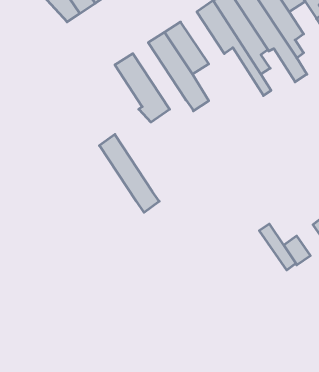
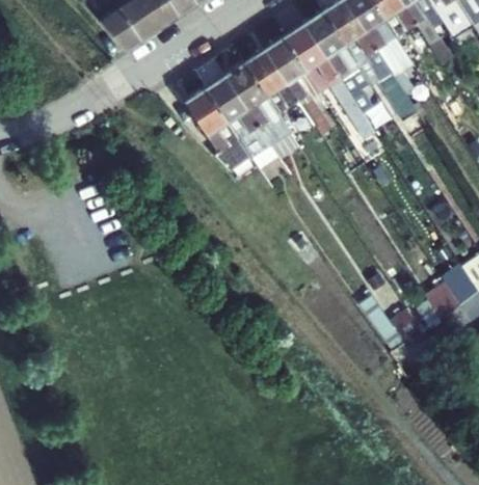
building: none -> [265,36,330,135]
building: [99,134,159,212] -> [207,74,280,168]

